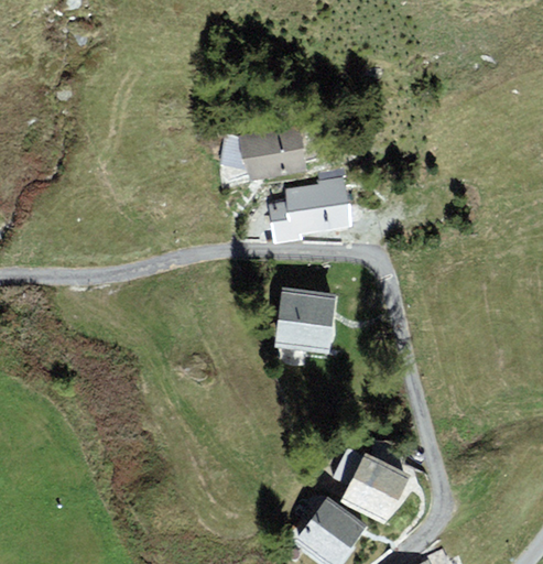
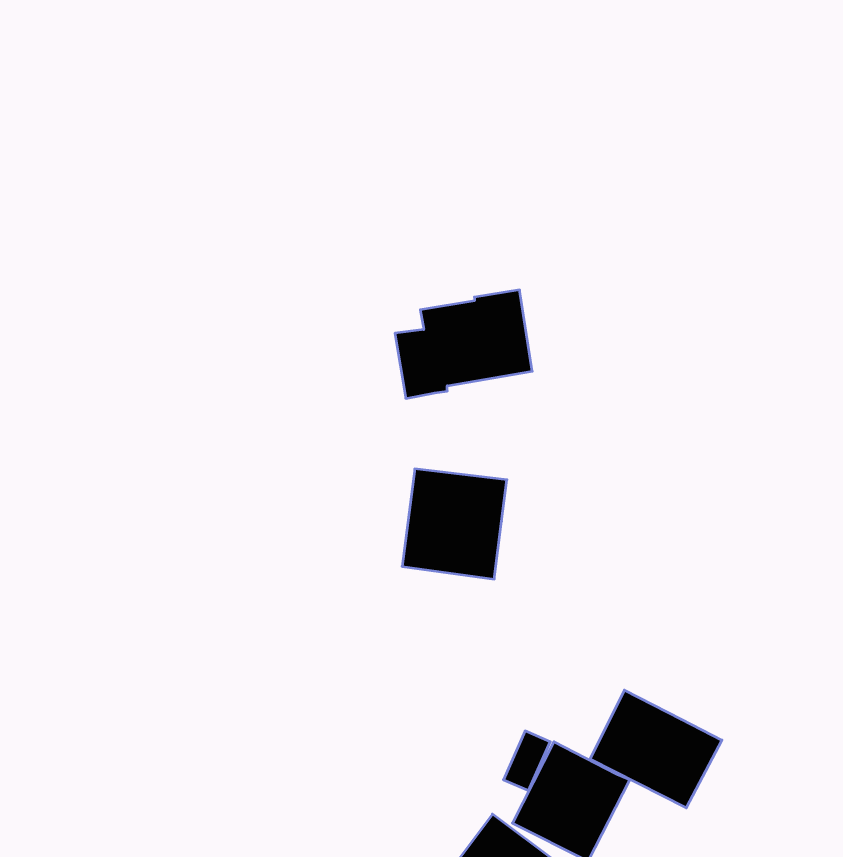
building: [240,124,308,183] -> none
building: none -> [590,690,722,808]

